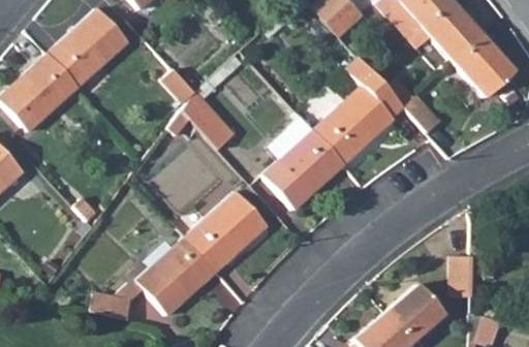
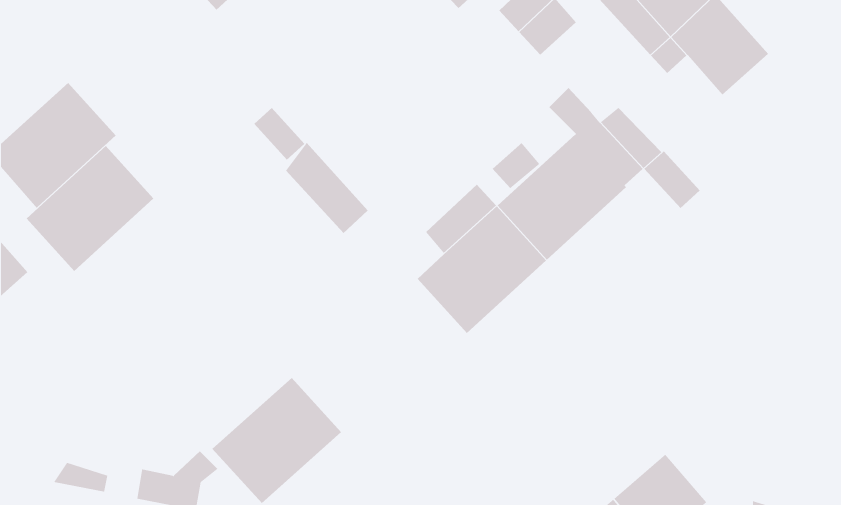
building: [49,8,128,87] -> [26,145,154,272]
building: [454,36,515,97] -> none
building: [187,191,268,271] -> none
building: [453,256,473,297] -> none

